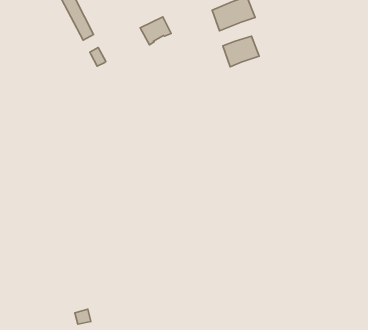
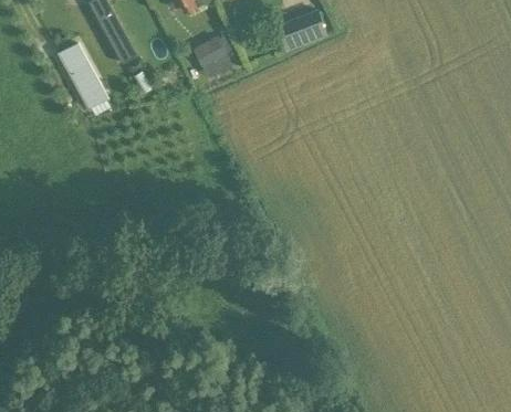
building: none -> [59,44,107,108]
building: [223,36,259,67] -> none

